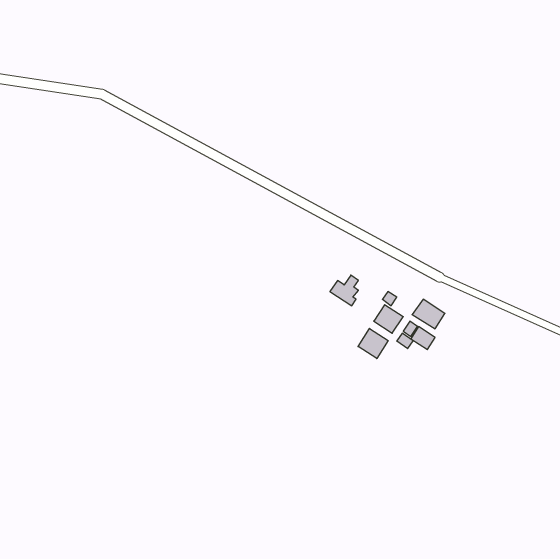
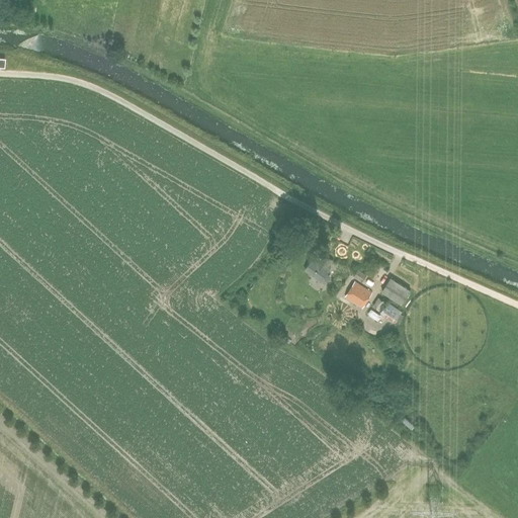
building: [358,328,388,359] -> none

